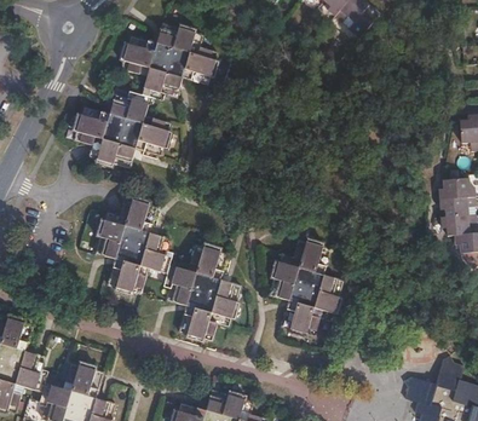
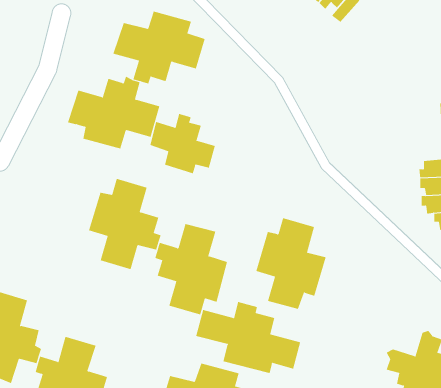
building: none -> [150,113,216,174]
building: none -> [196,301,301,374]

